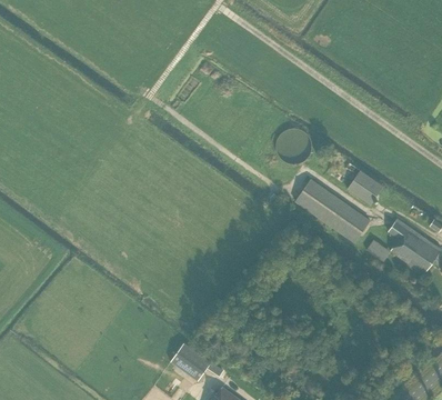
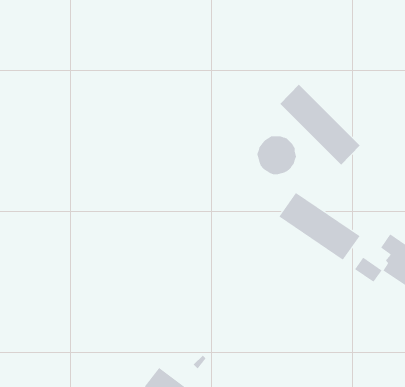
building: none -> [280,84,360,165]
building: [348,170,382,204] -> none

